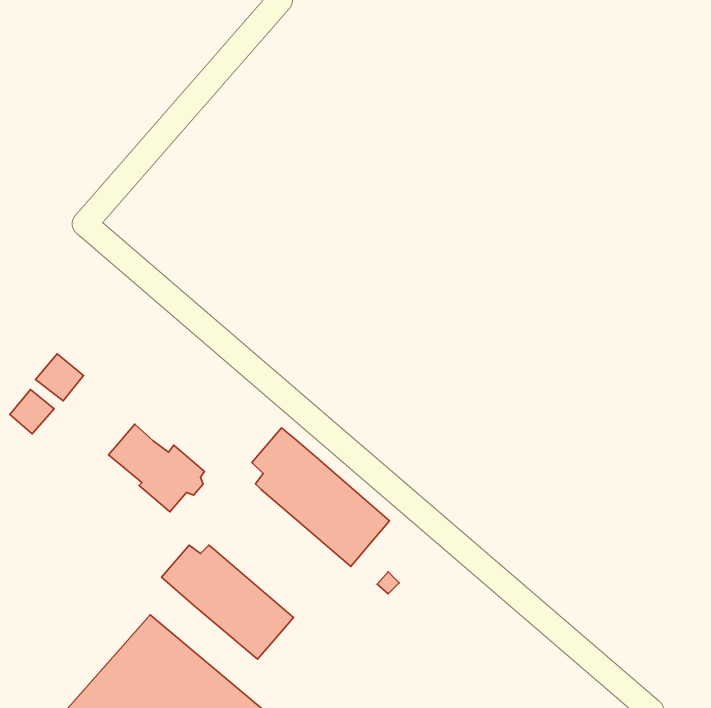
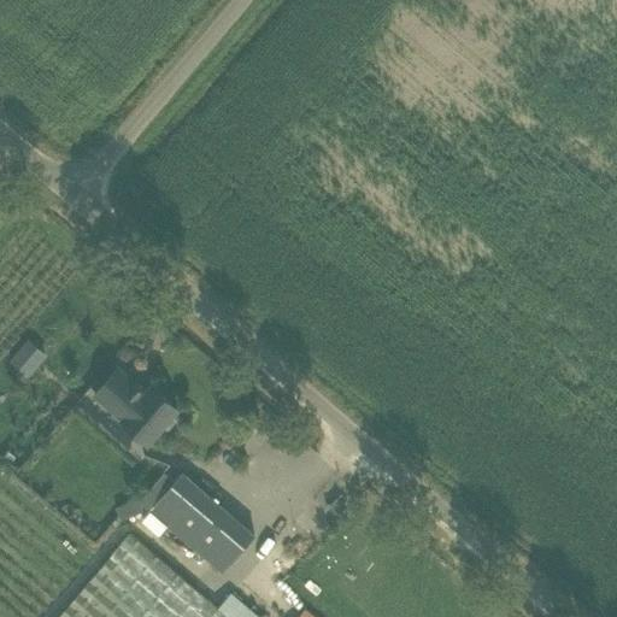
building: [36,354,83,401] -> none
building: [252,428,390,566] -> none

